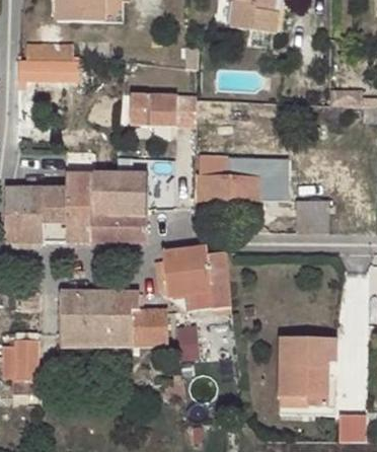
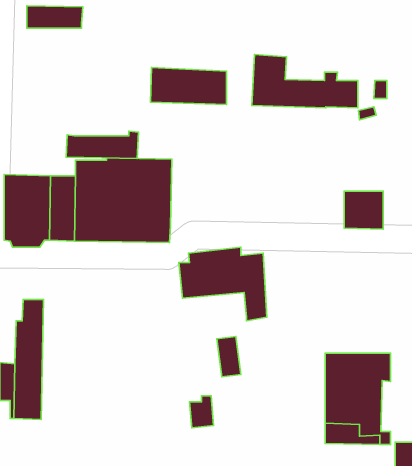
building: [17,56,79,79] -> [66,131,138,158]
building: [198,154,288,200] -> [252,54,358,108]
building: [157,285,212,308] -> none
building: [62,291,167,346] -> none

